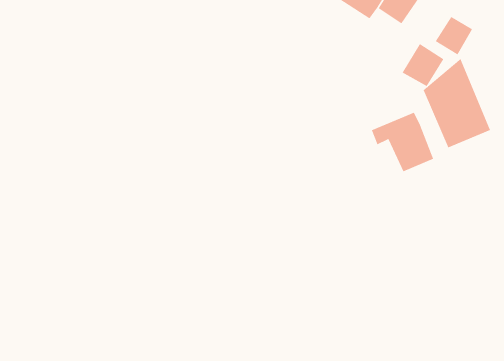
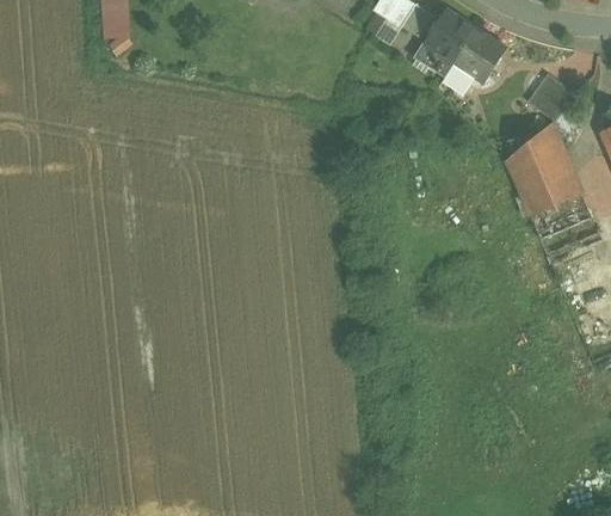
building: [402,43,444,87] -> none
building: [371,112,434,172] -> none

